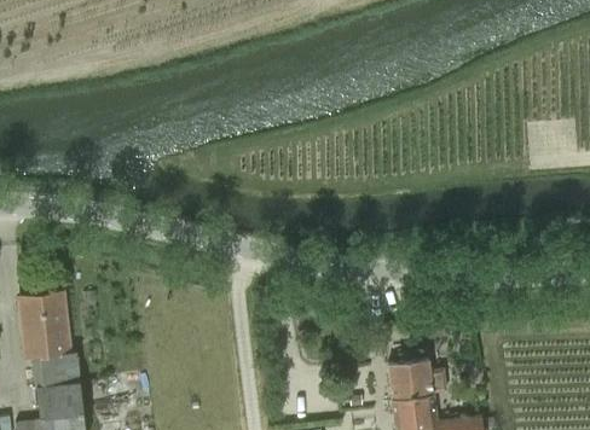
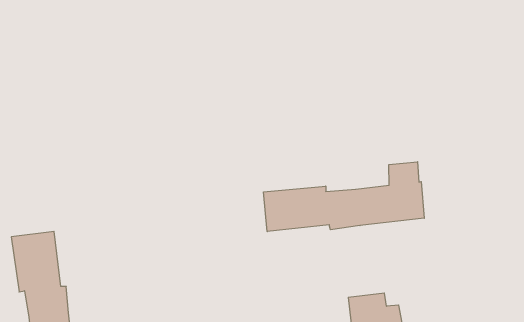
building: none -> [264,162,424,232]

